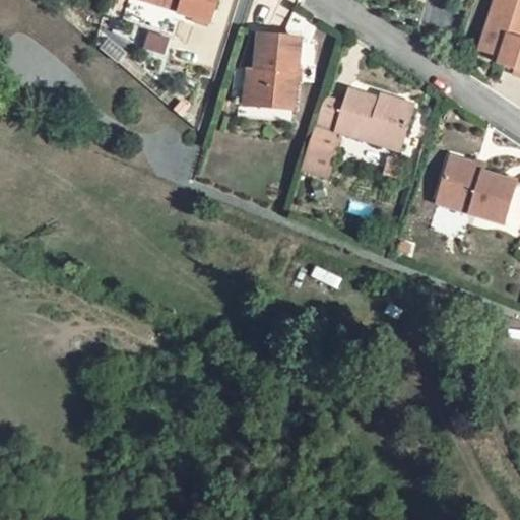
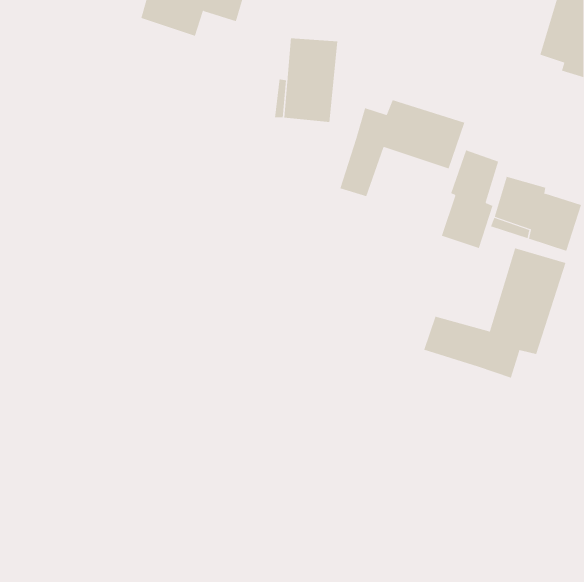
building: none -> [441,150,499,249]
building: none -> [423,248,566,378]

